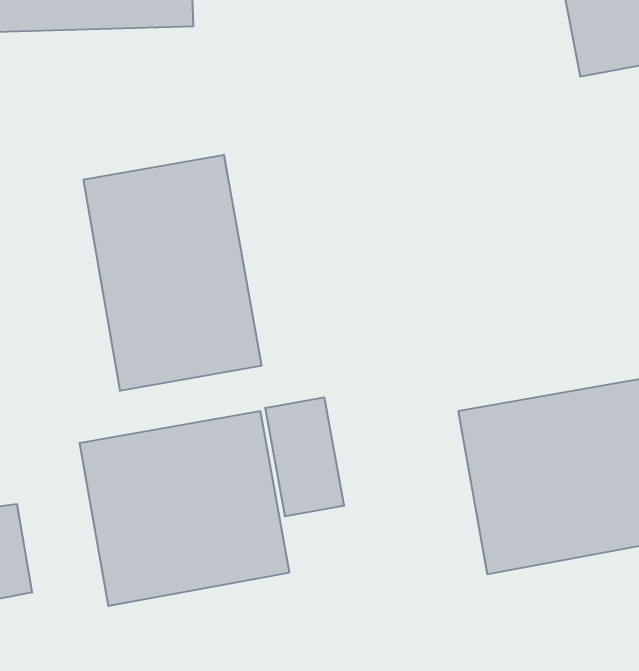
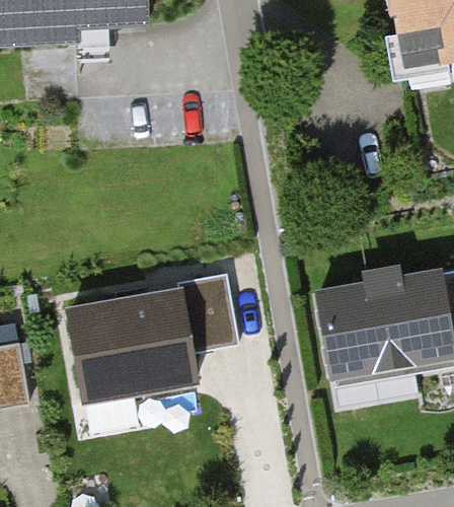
building: [84,155,262,391] -> none

